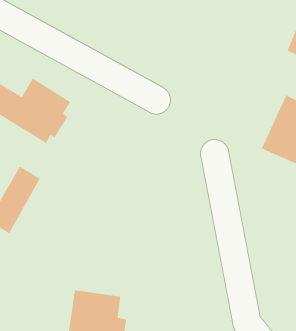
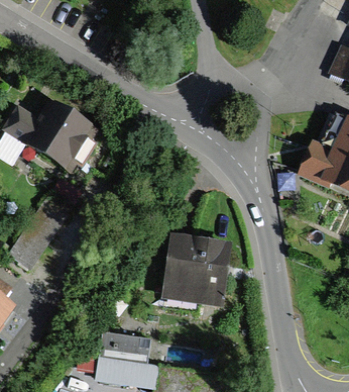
building: none -> [161,232,231,307]

